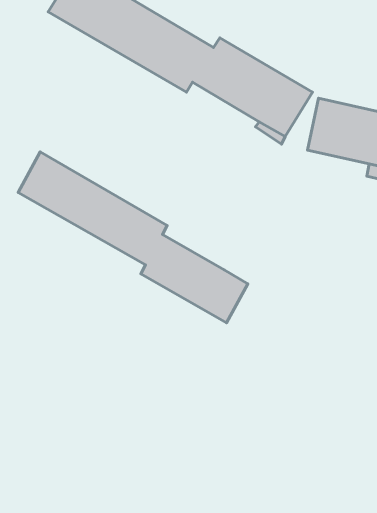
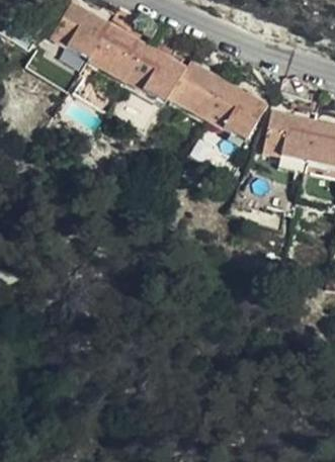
building: [18,152,248,323] -> none

